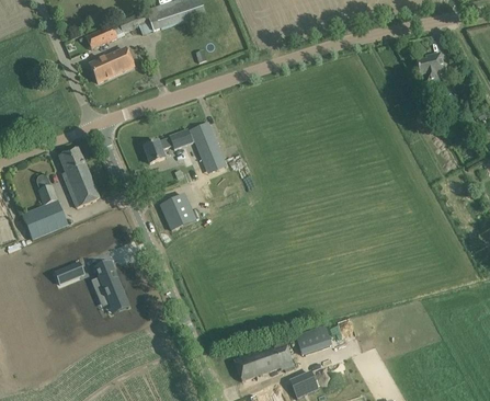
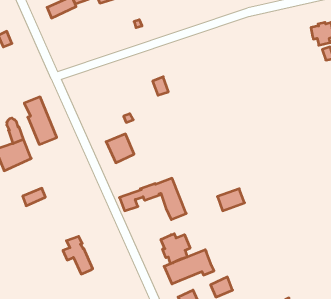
building: [89,48,134,82] -> none
building: [143,123,226,174] -> [119,178,186,220]
building: [90,262,127,309] -> [63,236,93,274]
building: none -> [161,234,190,264]
building: [297,326,331,354] -> [217,189,245,211]

